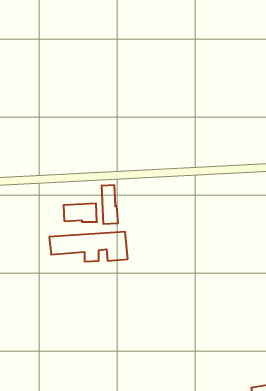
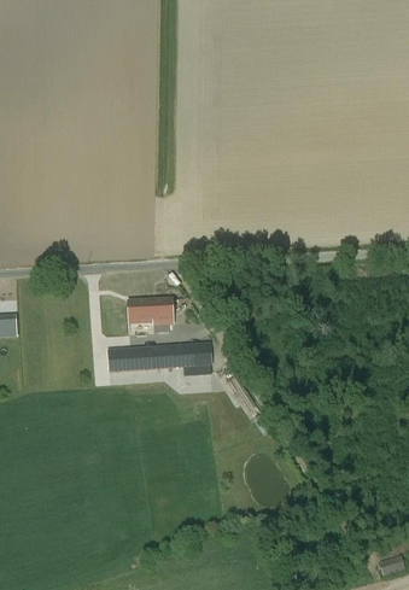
building: [102,185,118,224] -> none

